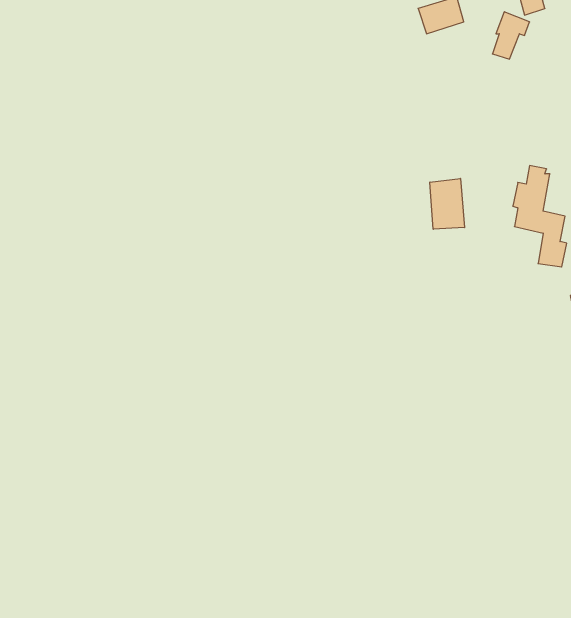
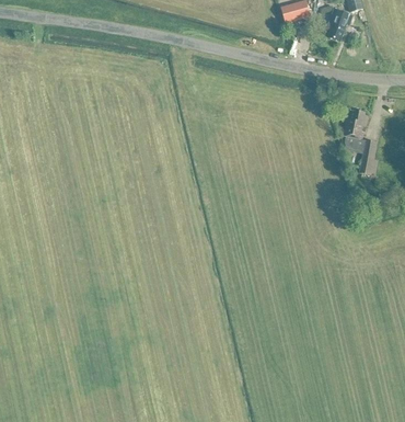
building: [430,178,465,229] -> none

